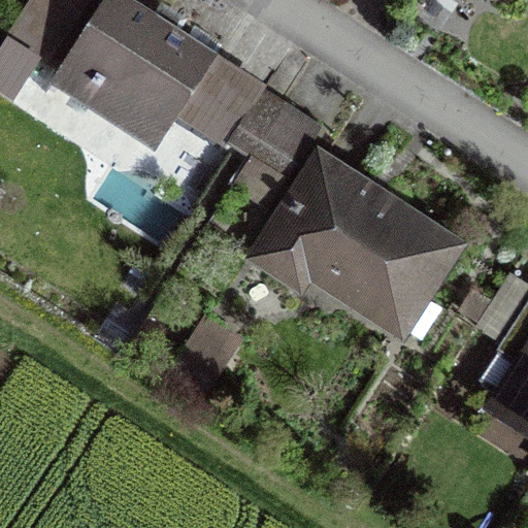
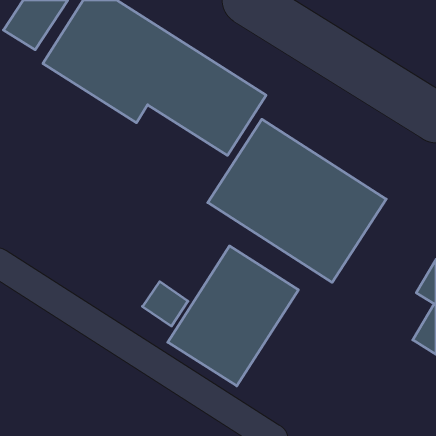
building: none -> [168,246,298,386]

